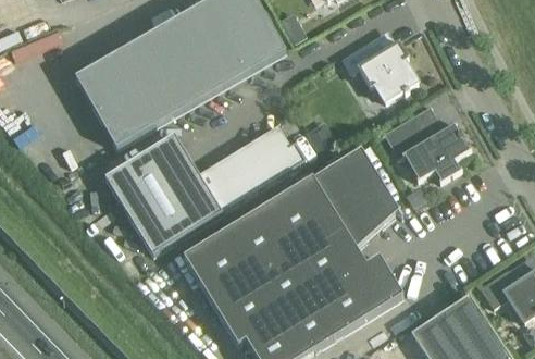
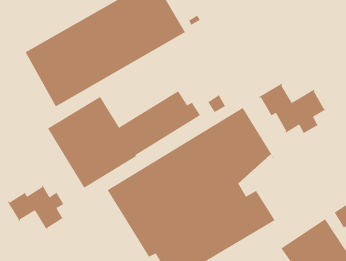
building: [340,33,418,100] -> none
building: none -> [7,185,65,230]

